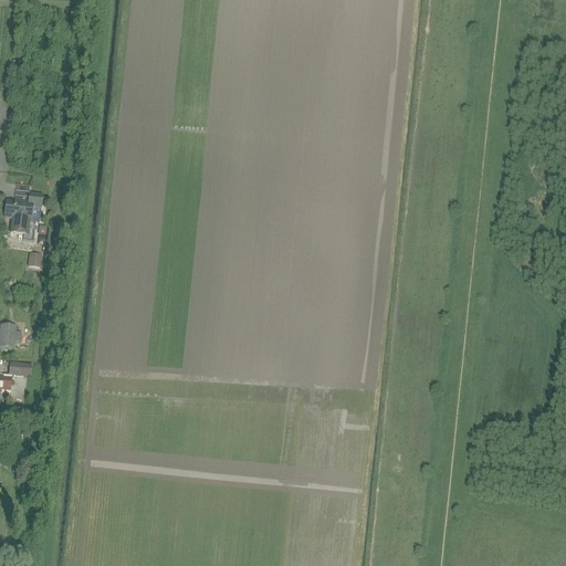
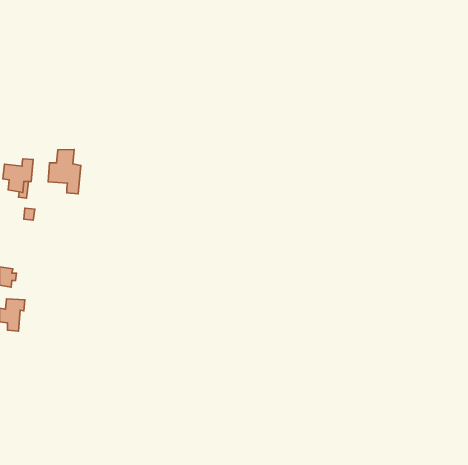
building: none -> [48,150,81,194]

